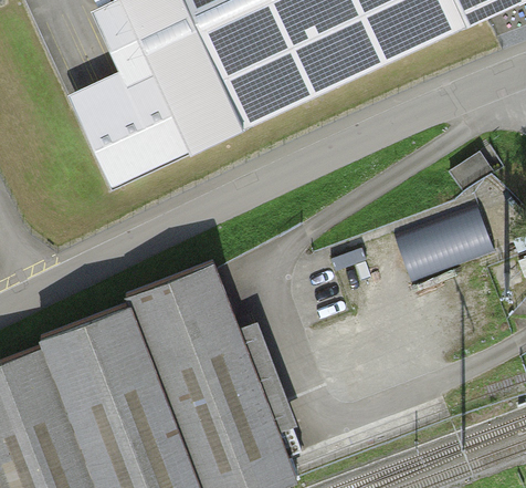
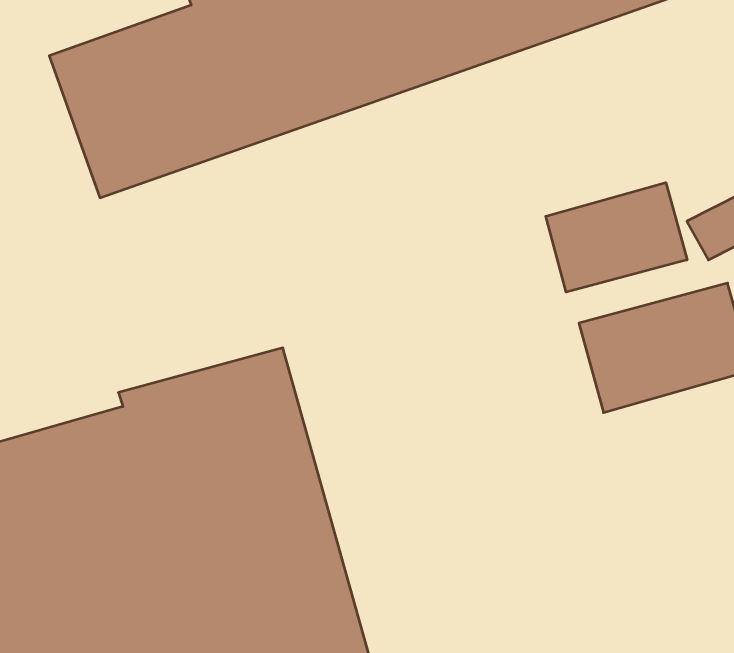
building: none -> [546,183,687,292]

